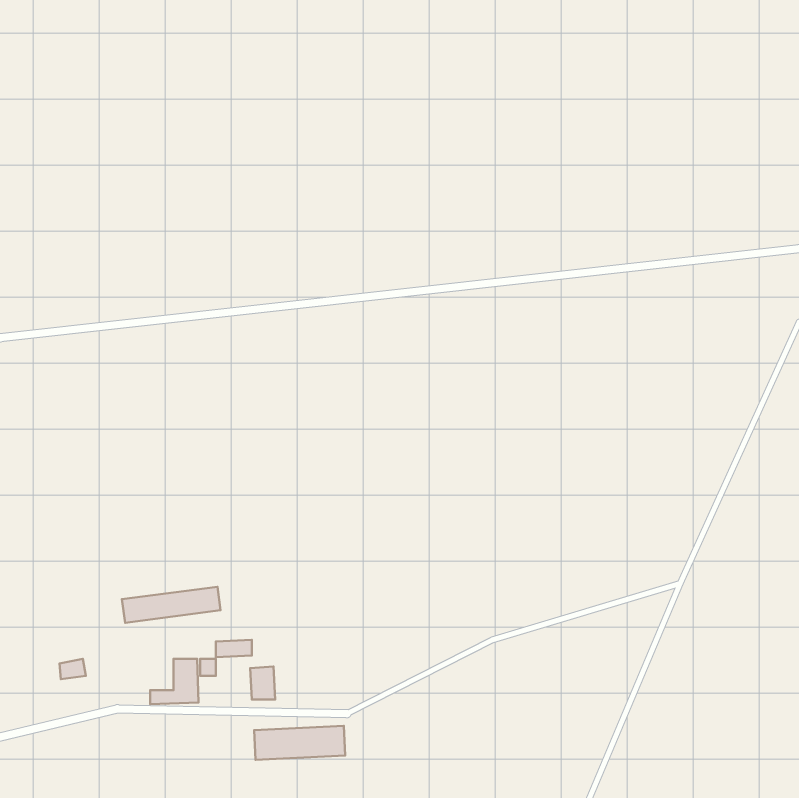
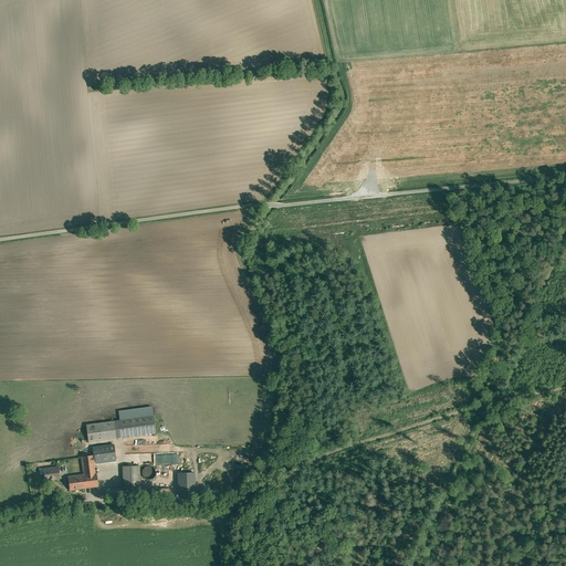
building: none -> [67,443,115,490]
building: [254,726,345,760] -> none

